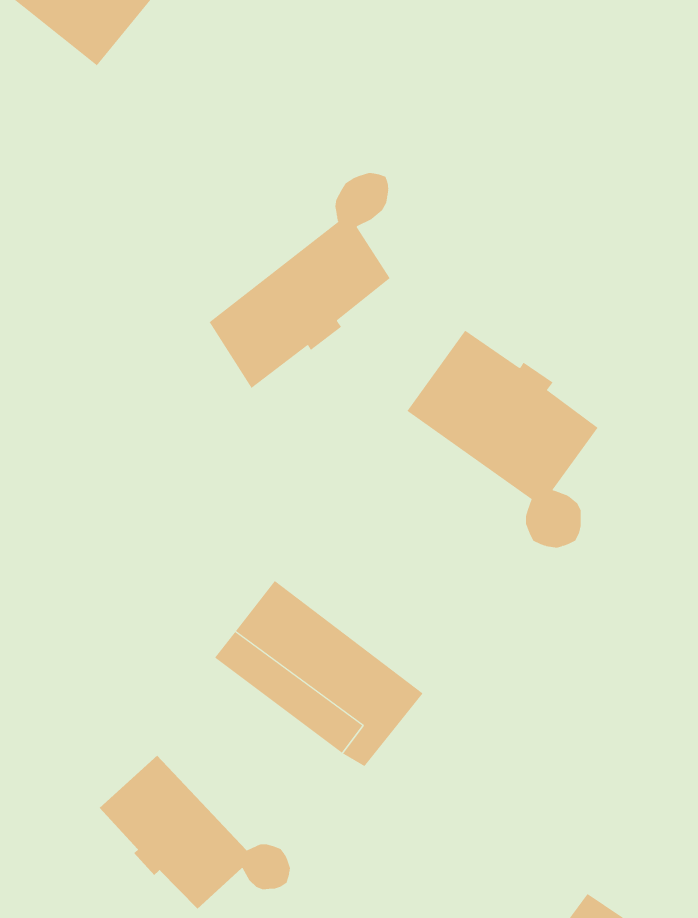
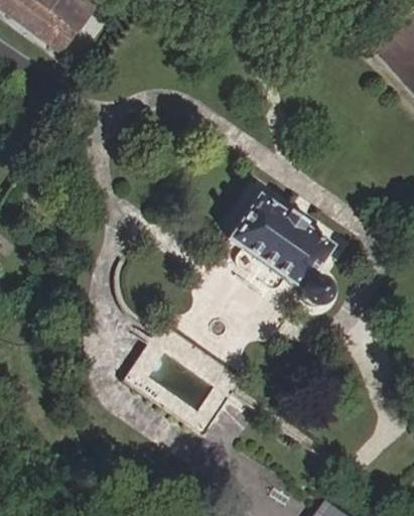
building: [209,172,390,389] -> none
building: [99,755,291,910] -> none

